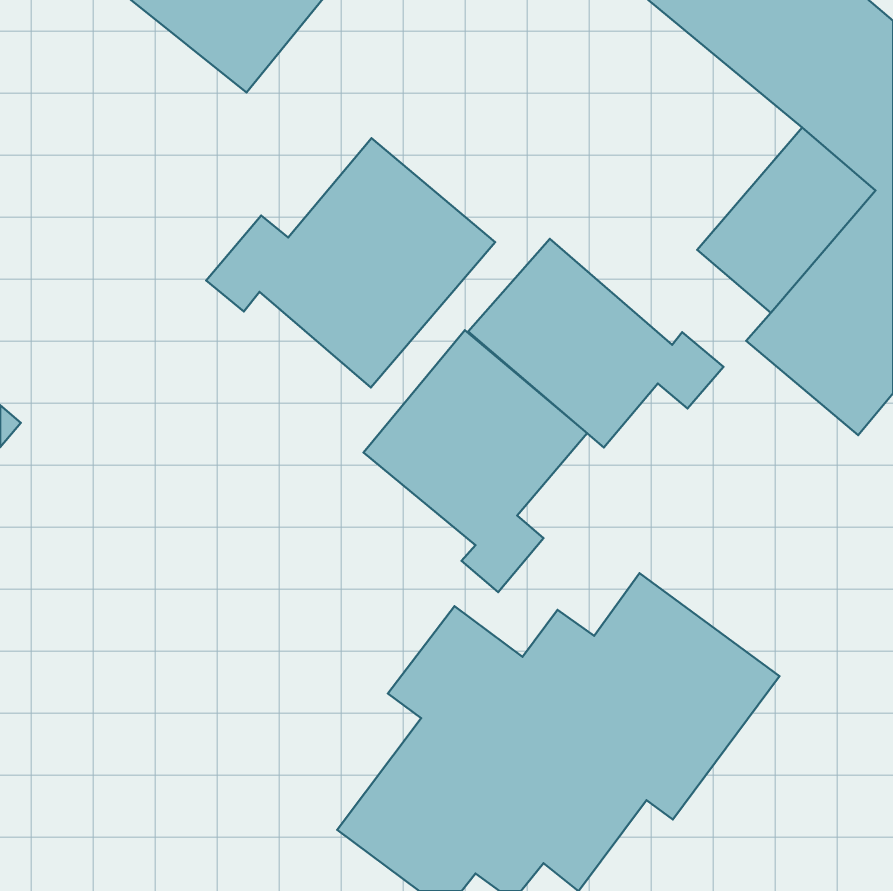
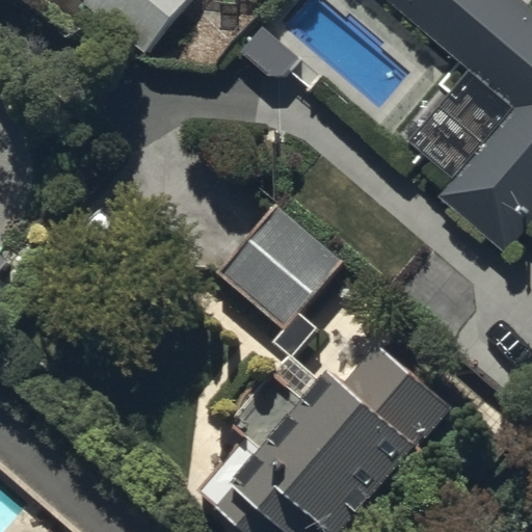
building: [206,138,495,388] -> none
building: [468,239,723,448] -> none

